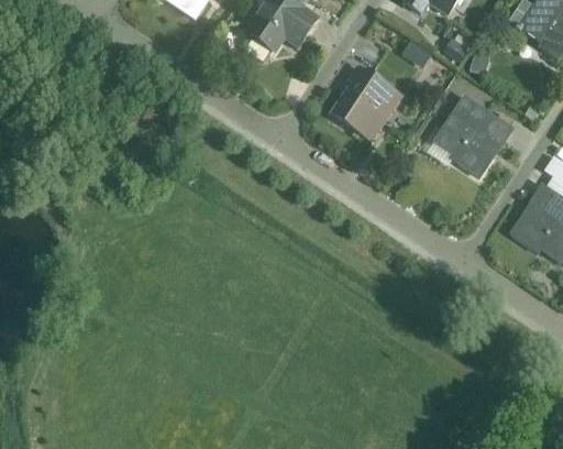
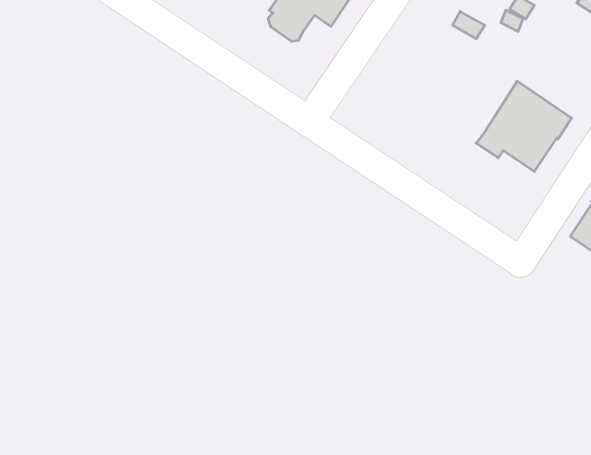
building: [331,66,400,140] -> none

